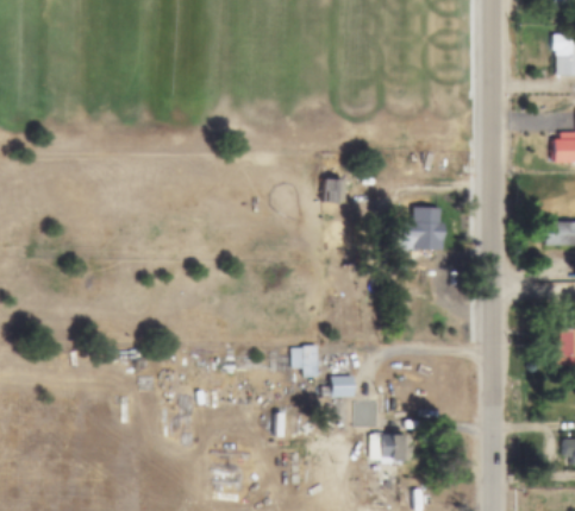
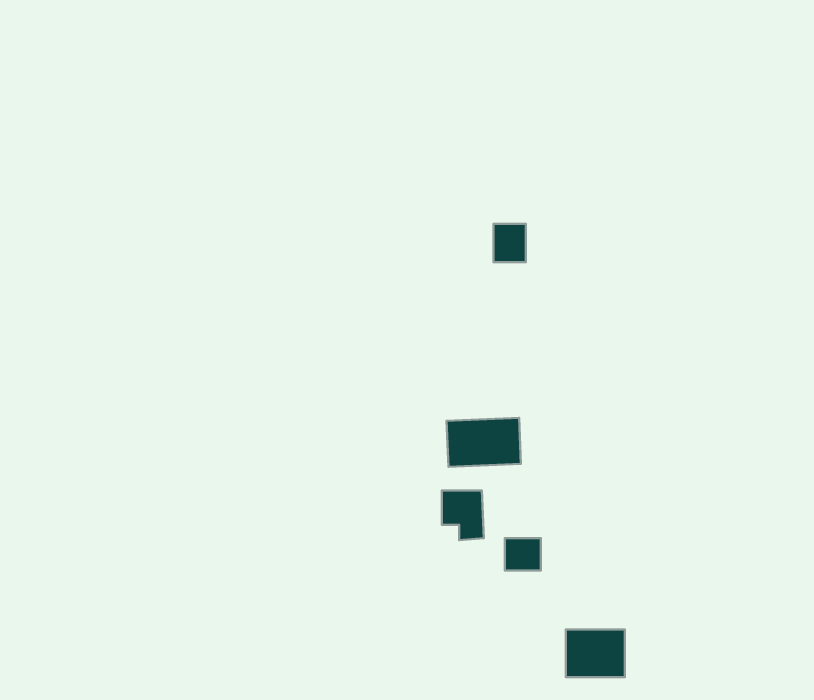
building: [392,208,444,250] -> none
building: none -> [447,418,521,467]

